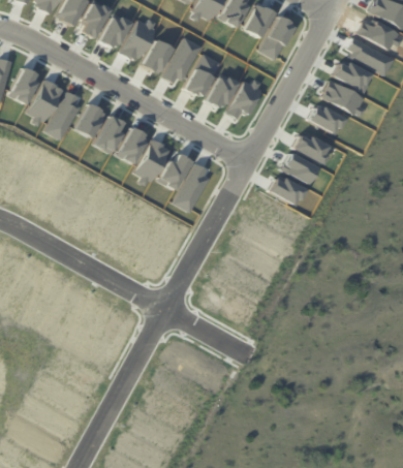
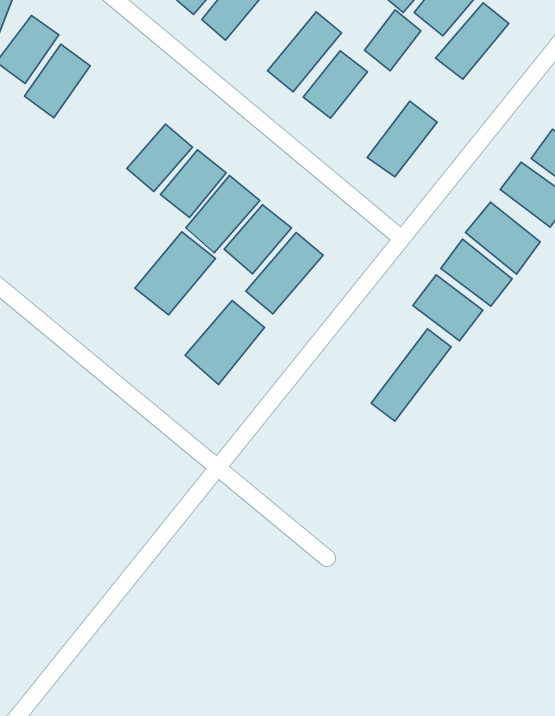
building: [143,38,174,73] -> none
building: [209,73,239,108] -> [365,10,421,71]
building: [44,91,83,139] -> none
building: [74,103,106,138] -> none
building: none -> [135,232,216,315]
building: none -> [371,329,451,421]
building: none -> [185,300,265,384]

